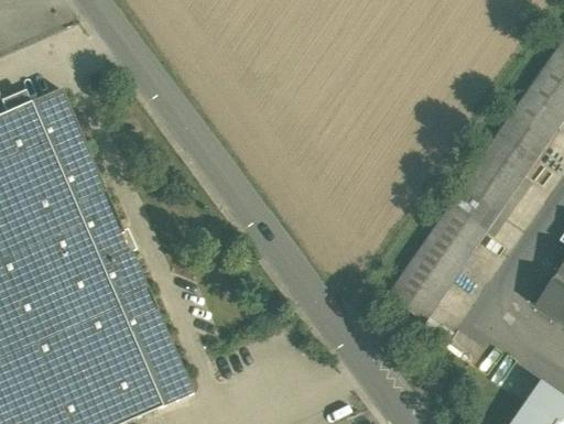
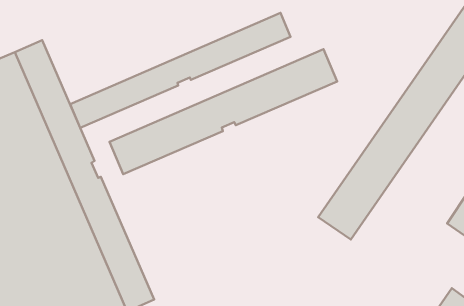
building: none -> [70,13,291,128]
building: none -> [110,49,337,174]

